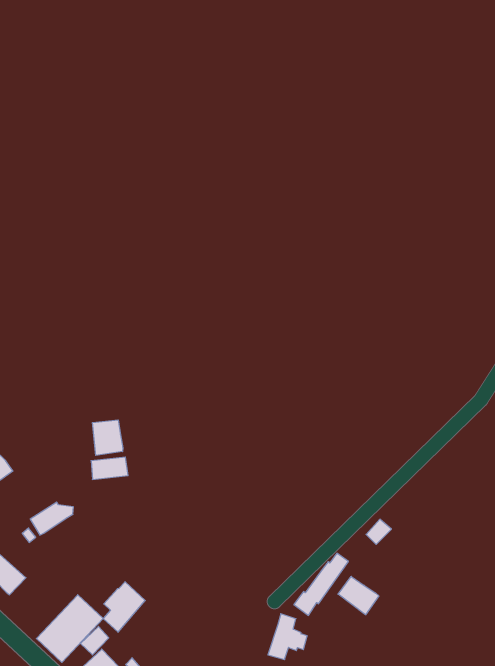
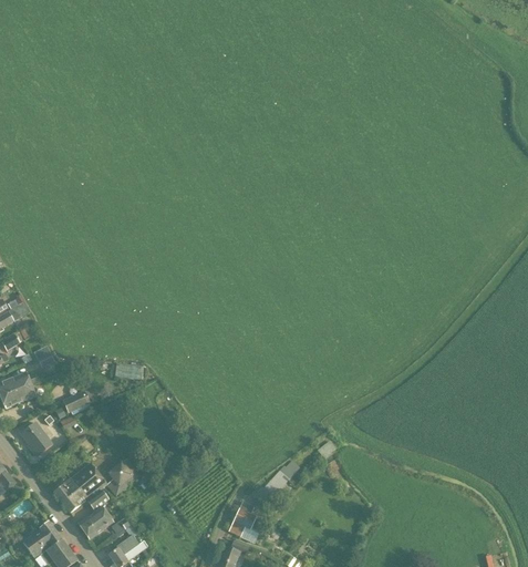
building: [92,420,123,455] -> none
building: [338,576,379,615] -> none

